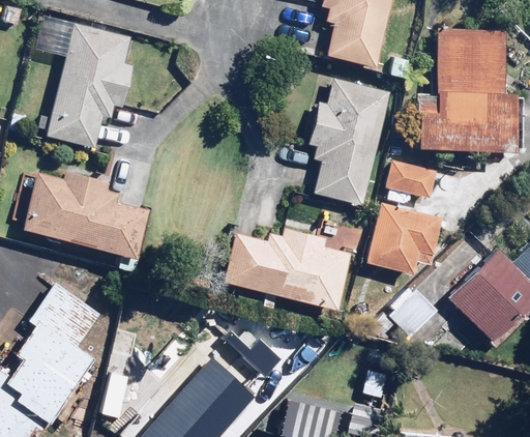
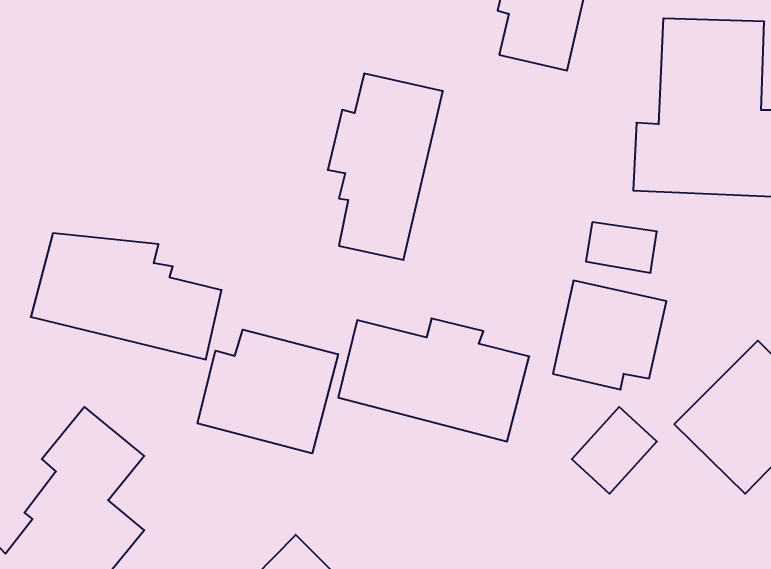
building: [49,25,134,145] -> none
building: [311,81,386,203] -> [328,74,443,260]
building: none -> [198,330,338,453]

